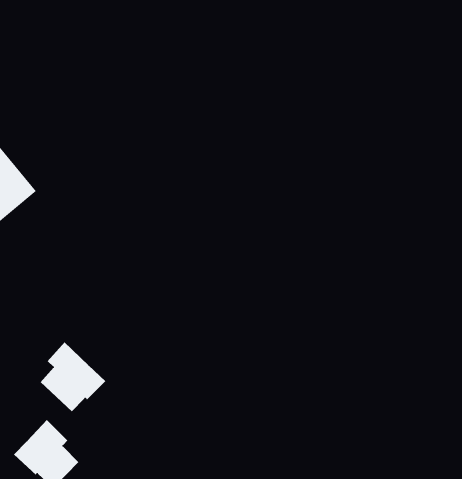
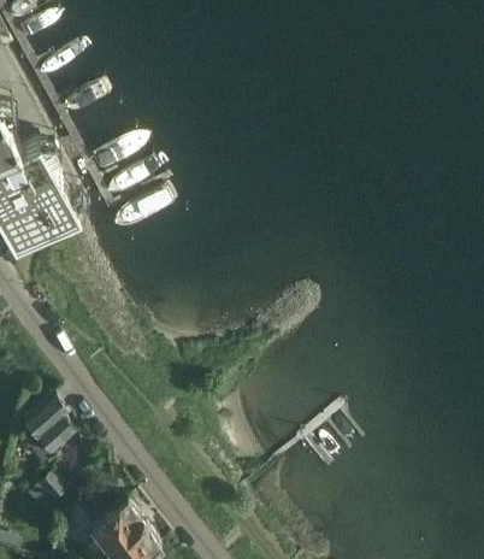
building: [40,341,106,412] -> none

